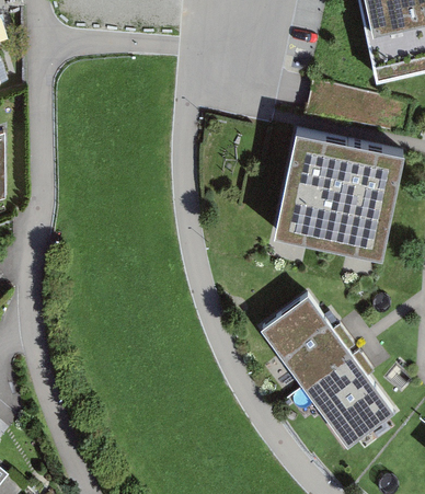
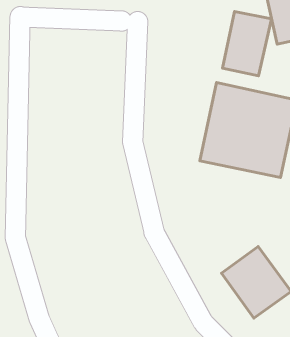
building: none -> [222,11,271,76]
building: [261,289,352,383] -> none

